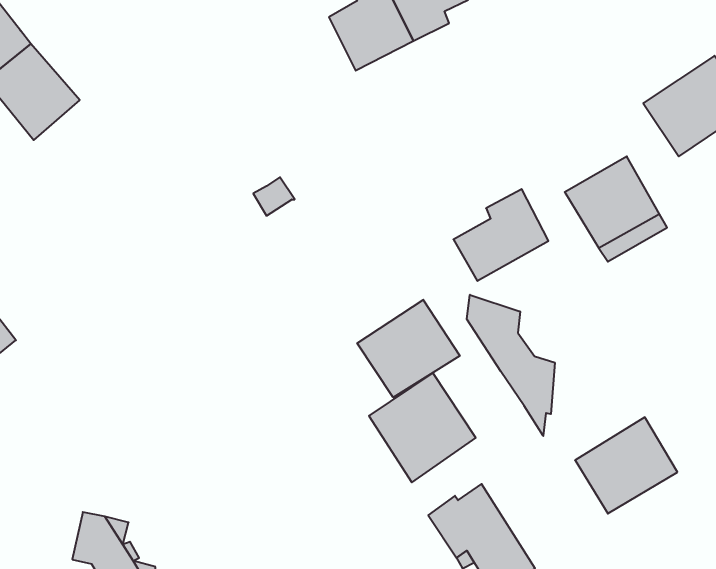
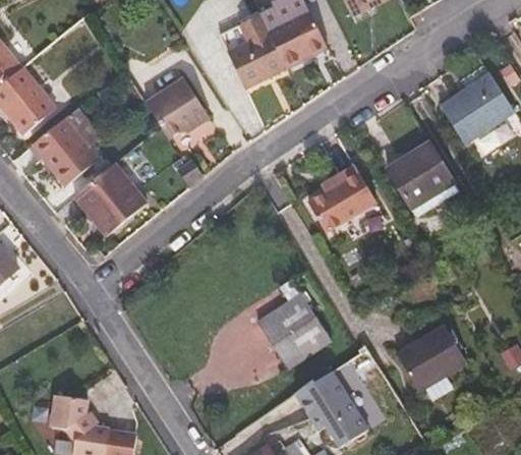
building: none -> [144,78,209,140]
building: none -> [32,118,98,186]
building: none -> [73,163,144,233]
building: [467,295,555,436] -> none
building: [357,300,460,397] -> none

